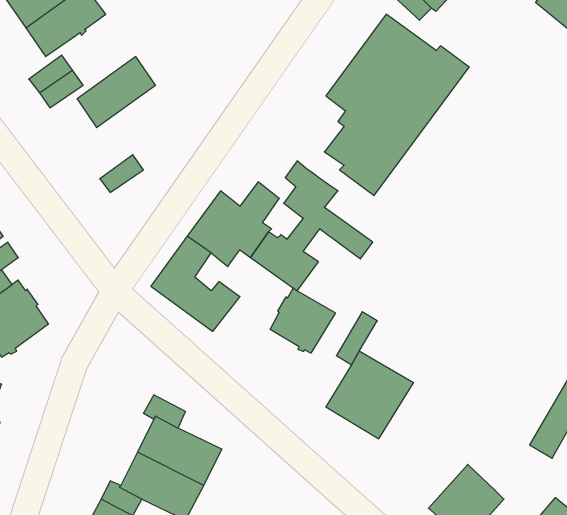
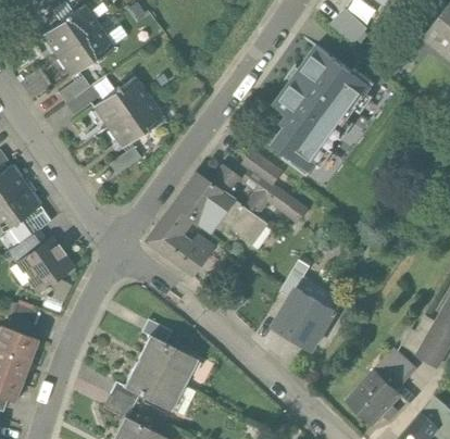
building: none -> [108,97,165,148]
building: [270,288,335,353] -> none
building: none -> [375,352,411,388]

